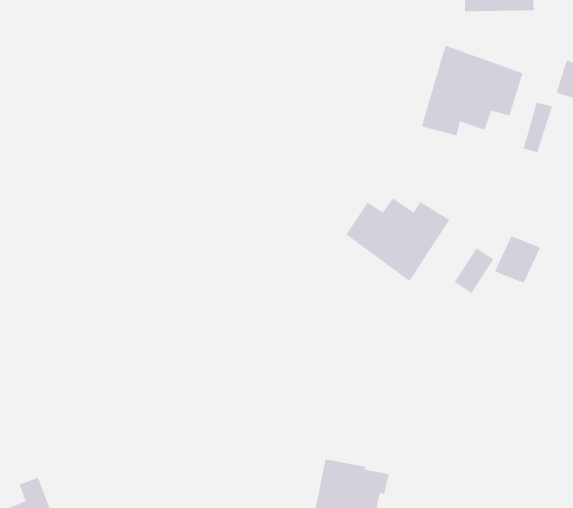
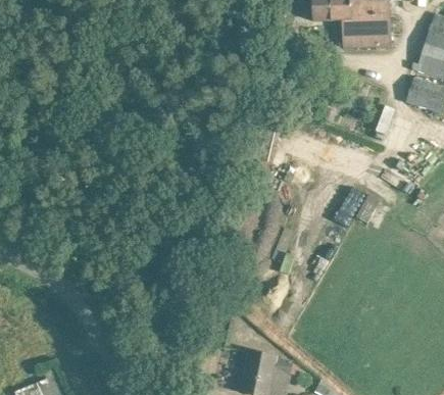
building: [421,45,523,136] -> none
building: [345,197,450,282] -> none

